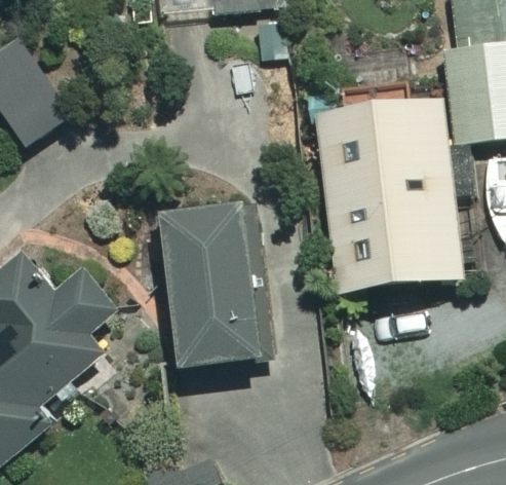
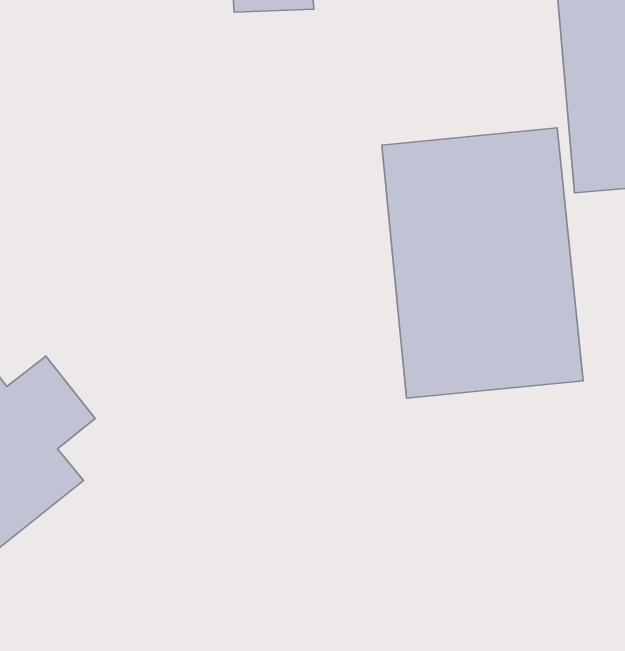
building: [158,203,274,367] -> none

